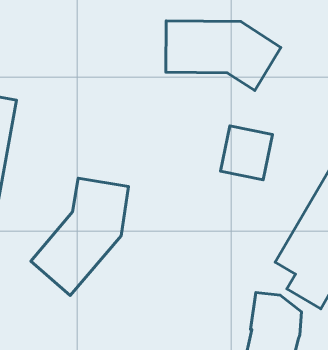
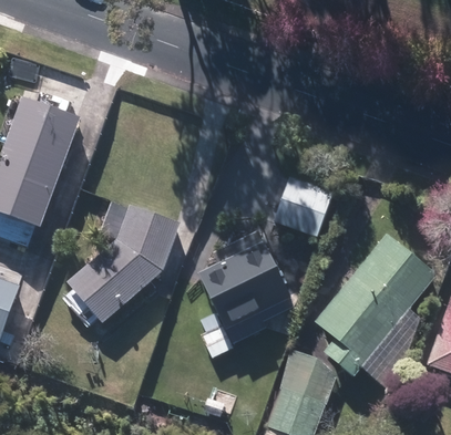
building: [166,21,281,90] -> none
building: none -> [199,236,288,328]

